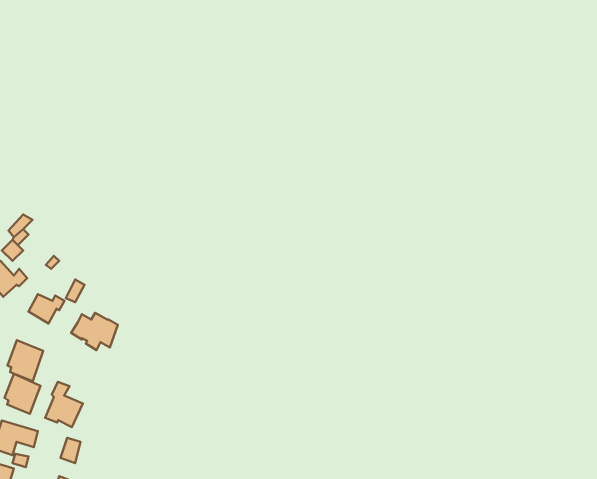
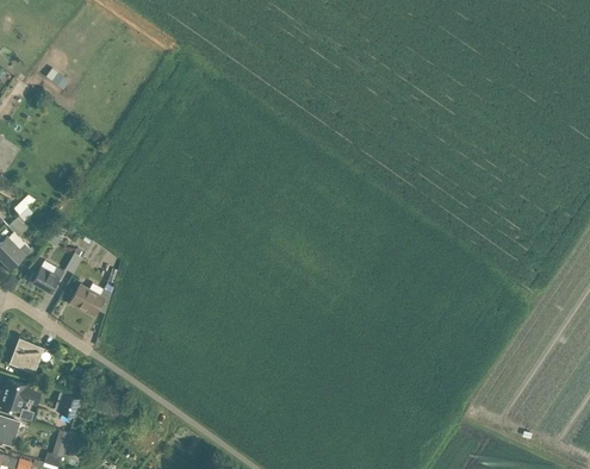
building: [7,340,43,381] -> none
building: [45,382,83,427] -> none

